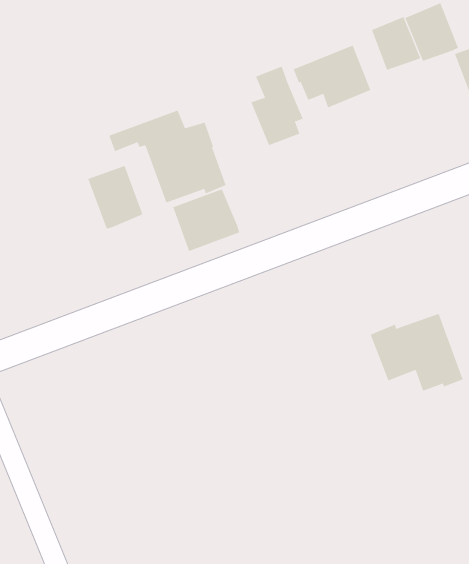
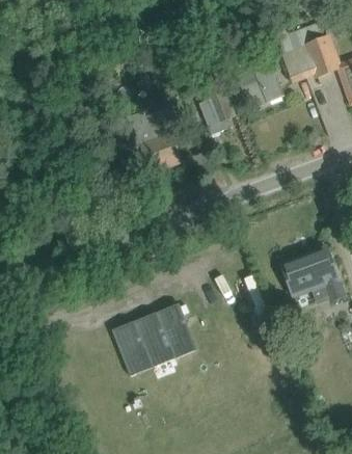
building: [87,165,143,229] -> none
building: [173,189,240,252] -> none
building: none -> [111,302,197,375]

